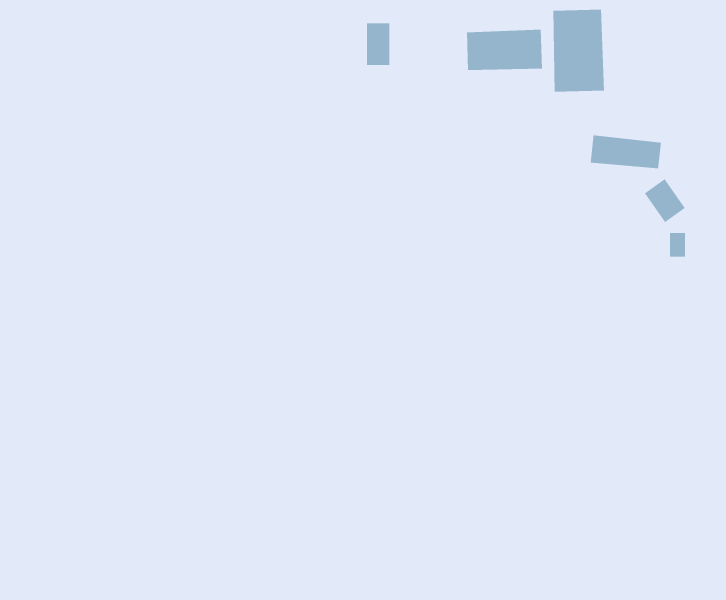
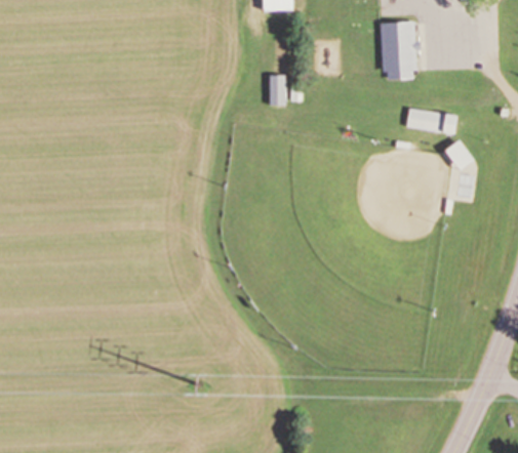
building: [366,22,390,66] -> [269,76,285,106]
building: [466,29,543,71] -> none

